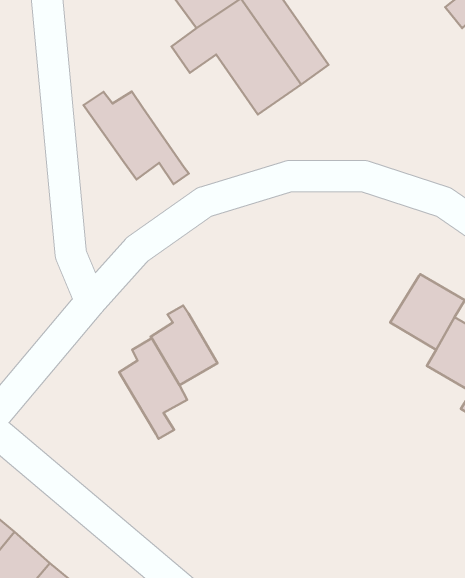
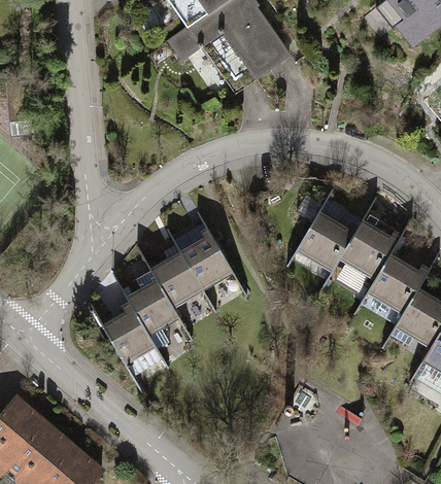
building: [84,92,189,184] -> none
building: none -> [296,210,362,270]
building: none -> [180,221,233,289]
building: none -> [102,307,155,362]

